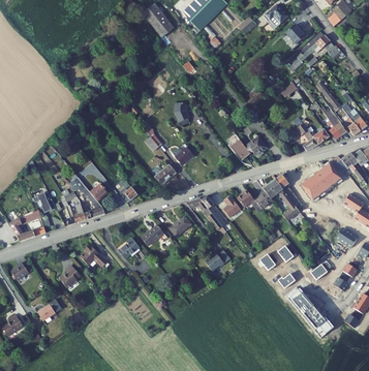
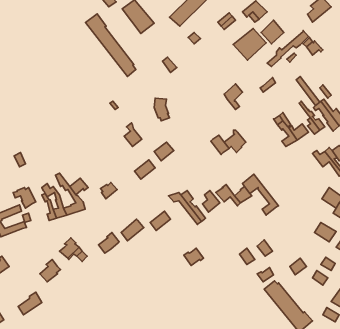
building: none -> [85,14,136,77]
building: none -> [233,29,266,60]
building: [301,162,341,199] -> none

